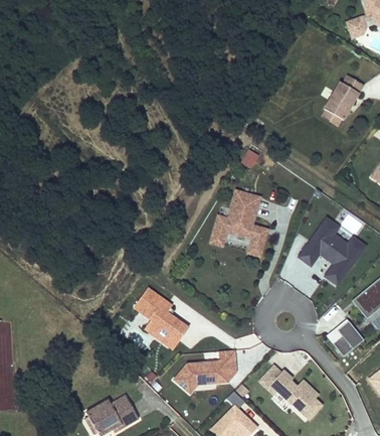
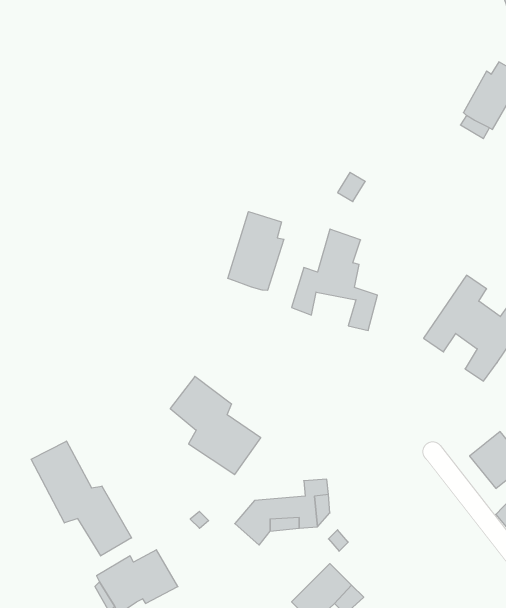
building: none -> [228,212,284,290]
building: none -> [31,441,132,556]
building: [255,359,327,420] -> none

